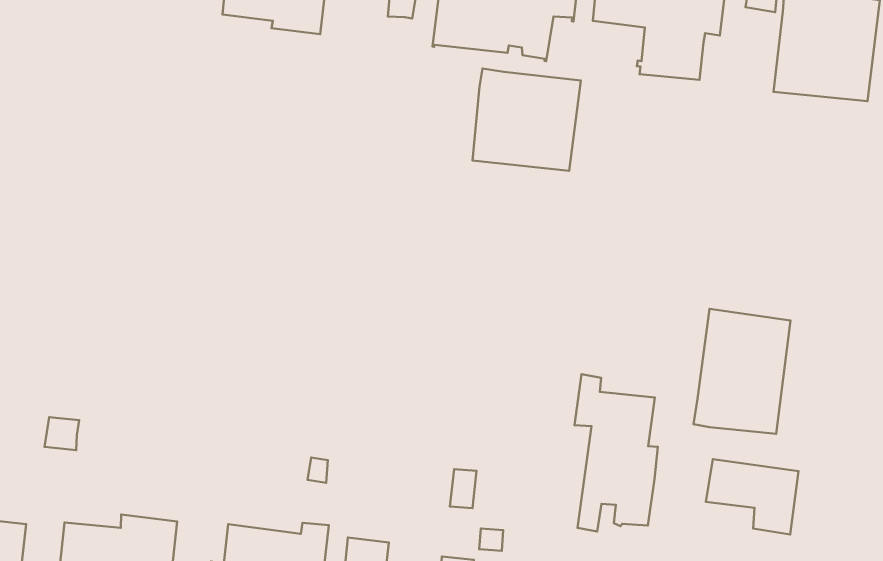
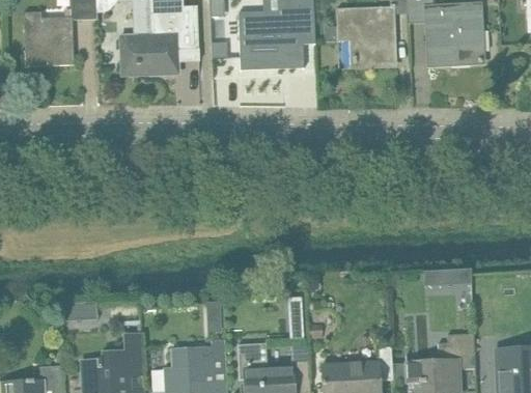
building: [472,68,581,171] -> none
building: [694,309,790,434] -> none
building: [575,374,658,532] -> none

